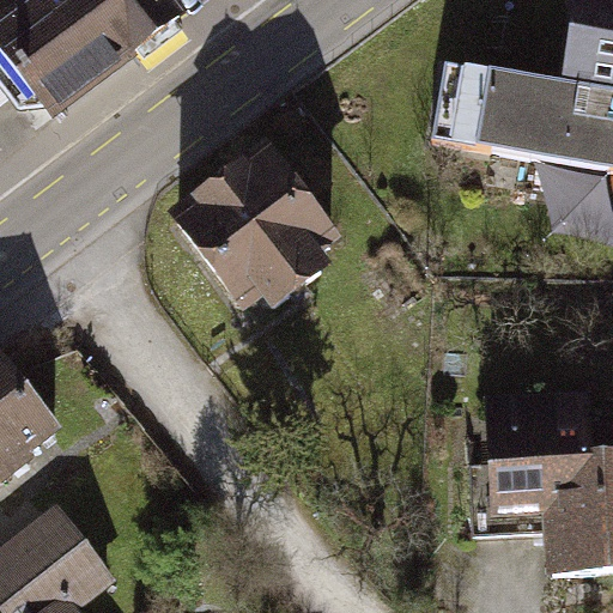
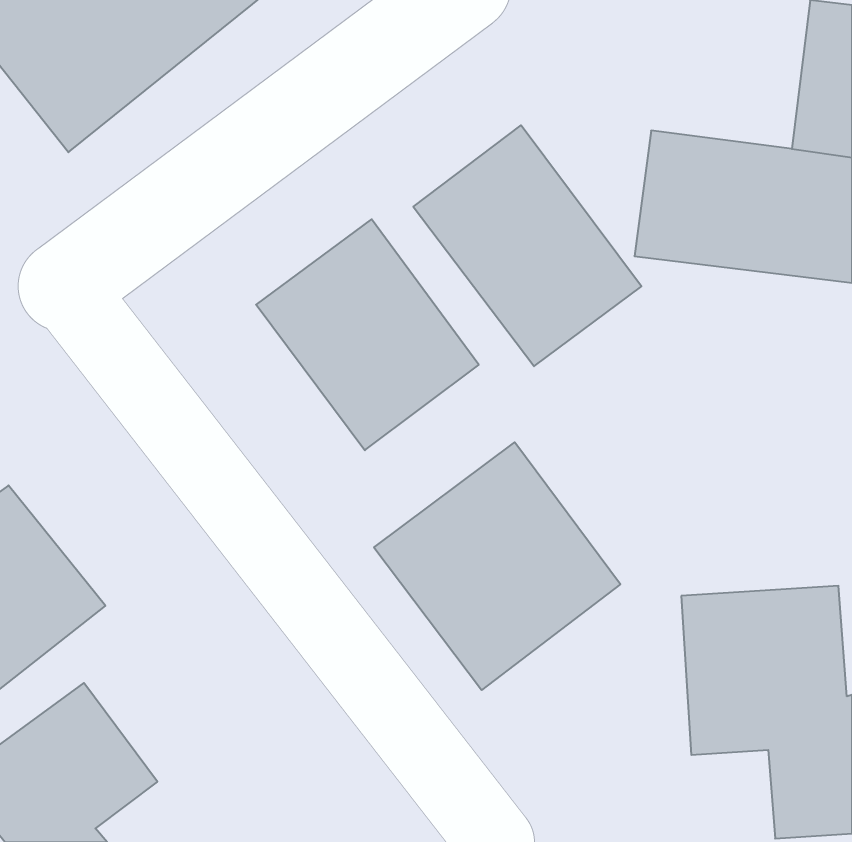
building: none -> [413,125,641,366]
building: none -> [374,442,620,690]

